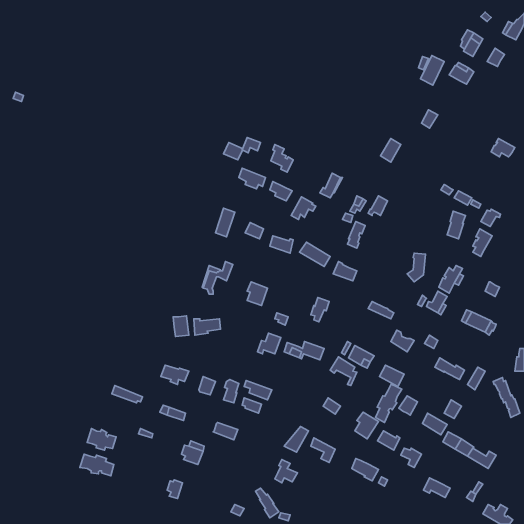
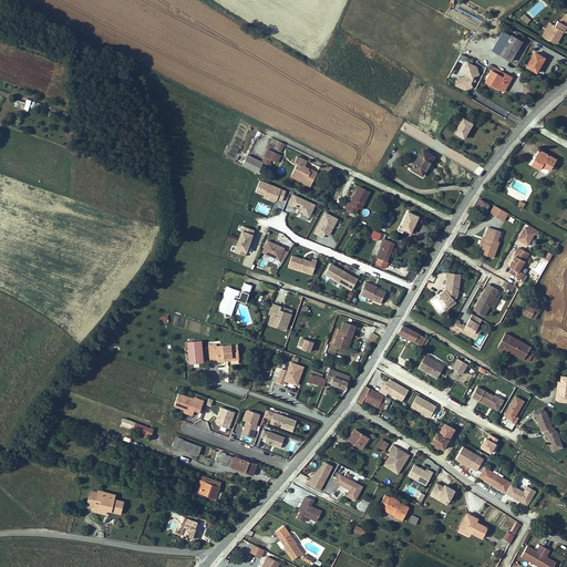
building: [376,384,402,422] -> none
building: [87,428,116,450] -> none

